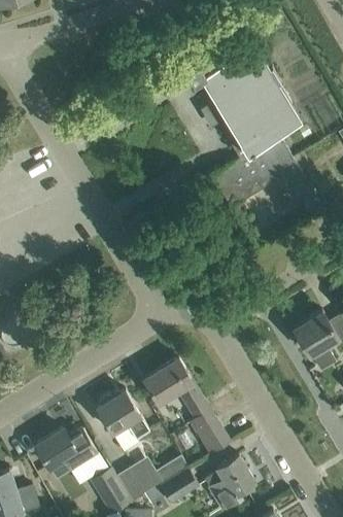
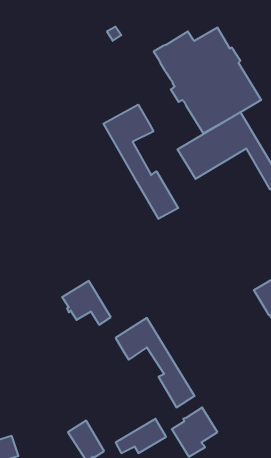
building: none -> [103,105,178,219]
building: [97,391,149,439] -> [62,281,111,325]
building: [35,429,97,479] -> none
building: [122,455,187,501] -> none

